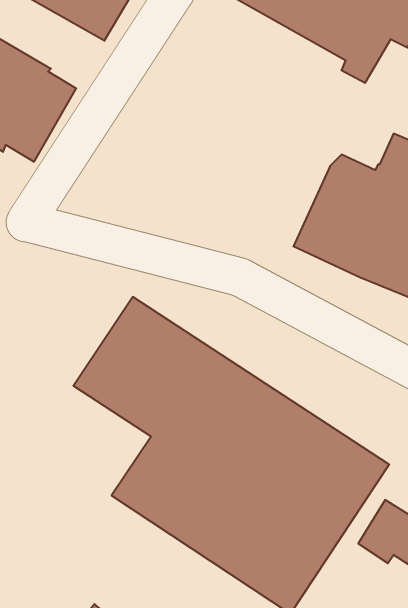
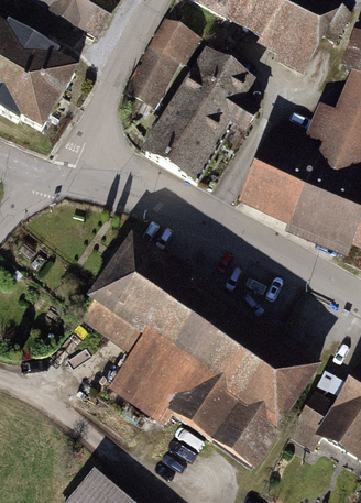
building: none -> [118,15,195,110]
building: none -> [149,52,258,182]

